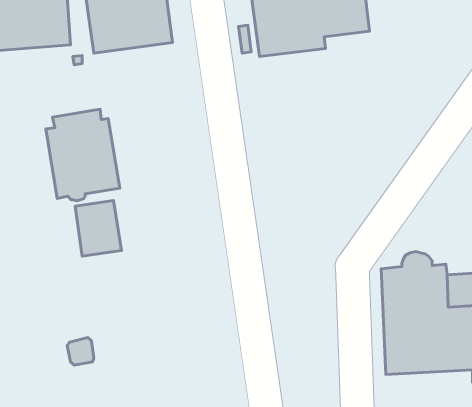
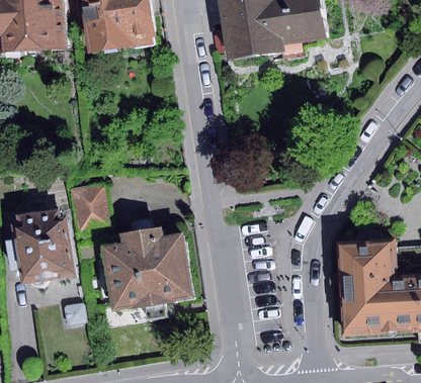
building: [46,109,120,201] -> [11,208,76,288]
building: none -> [102,226,193,320]

